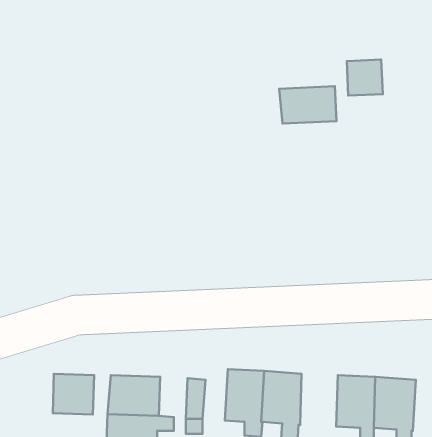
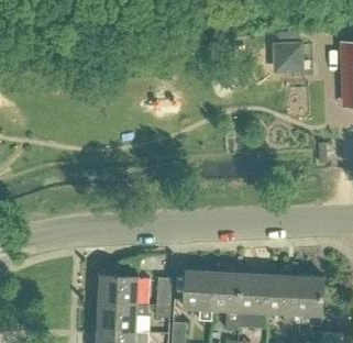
building: [279,86,337,123] -> none
building: none -> [239,275,266,313]
building: [53,374,94,415] -> none

